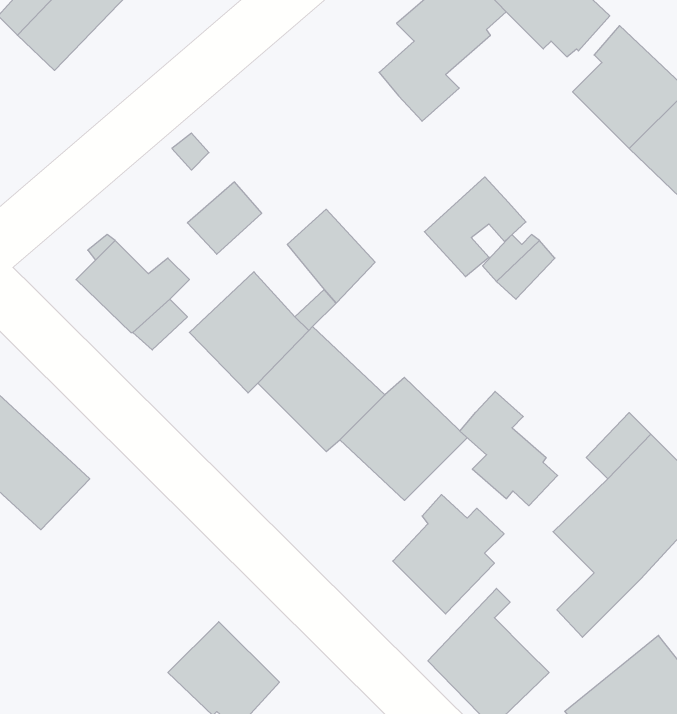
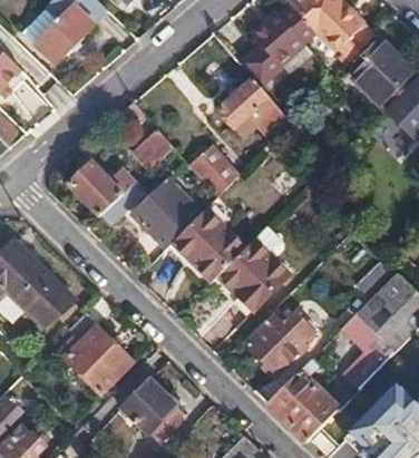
building: [424,177,526,277] -> [217,79,275,136]
building: [460,391,558,506] -> none
building: none -> [59,311,134,393]

